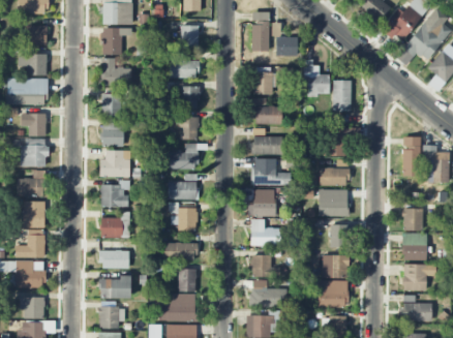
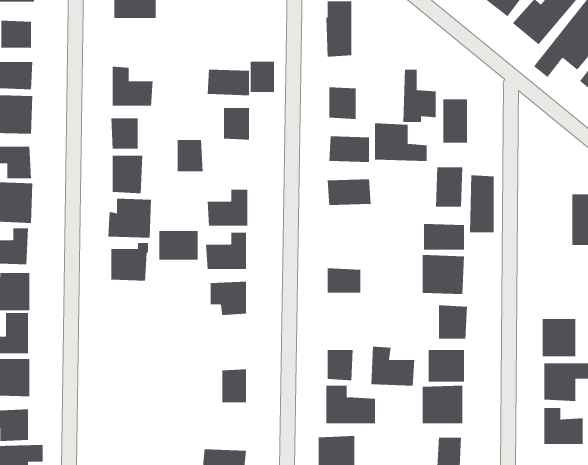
building: [181,25,199,47] -> [250,61,275,92]
building: [101,27,132,55] -> none
building: [276,36,298,55] -> none
building: [180,116,199,139] -> [177,139,203,172]
building: [402,135,420,176] -> [469,175,494,233]
building: [252,157,290,184] -> [374,123,428,161]
building: [403,208,422,229] -> none
building: [101,216,129,237] -> [158,230,198,260]
building: [250,218,281,246] -> [371,346,415,386]
building: [162,242,197,259] -> none
building: [100,249,129,268] -> none
building: [100,275,130,298] -> none
building: [160,293,197,320] -> none
building: [99,306,123,328] -> none

